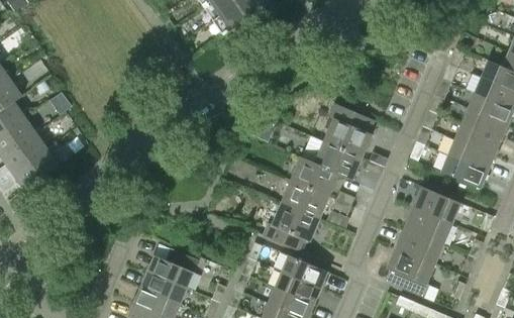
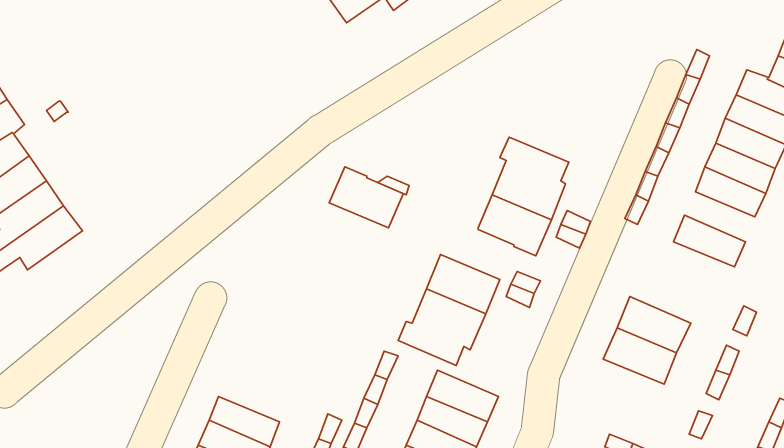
building: [447,139,493,172] -> none
building: [290,156,337,196] -> [329,167,403,228]
building: [412,186,460,224] -> none
building: [384,247,434,298] -> none
building: [146,248,198,288] -> none

